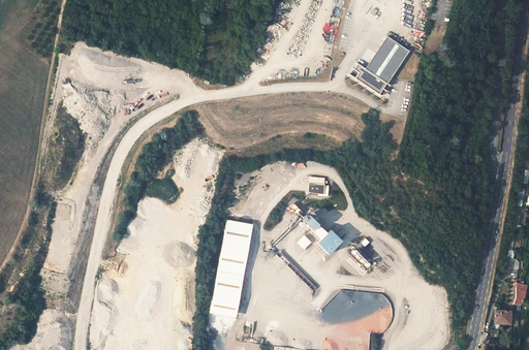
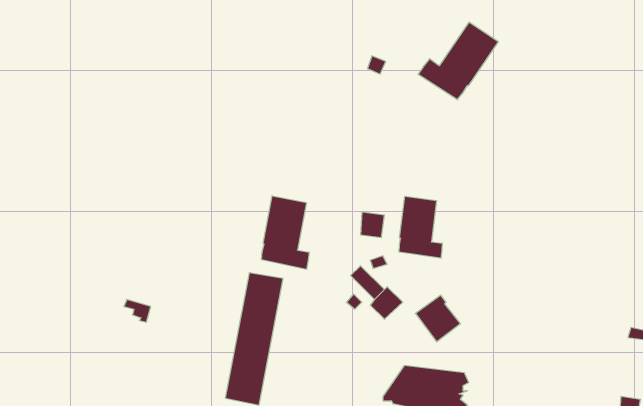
building: none -> [261,196,309,269]
building: none -> [399,196,442,258]

